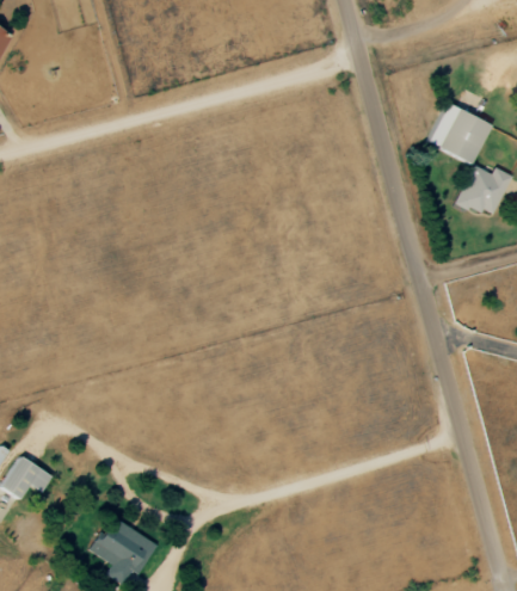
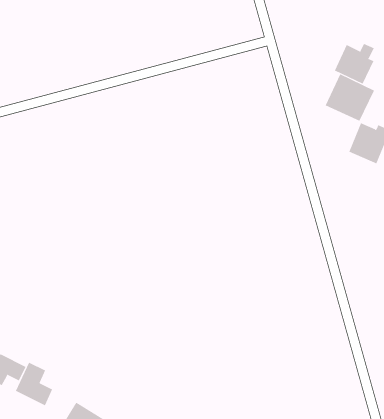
building: none -> [334,43,374,84]
building: none -> [15,362,53,406]

